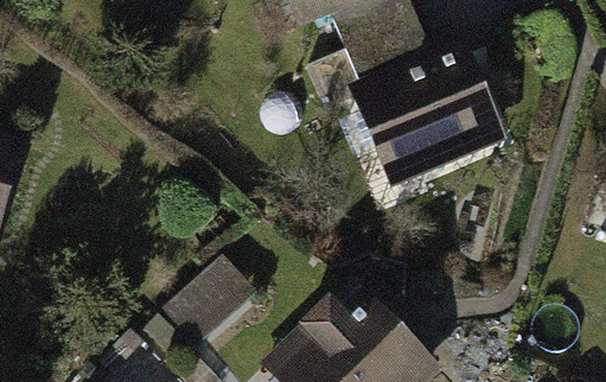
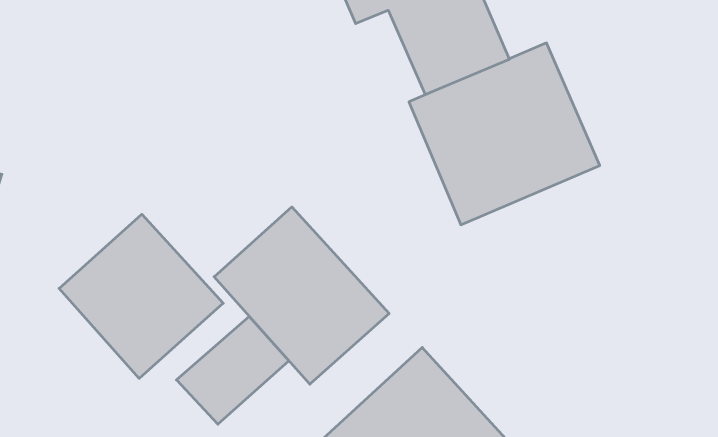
building: none -> [214,207,389,384]
building: none -> [59,214,223,378]

